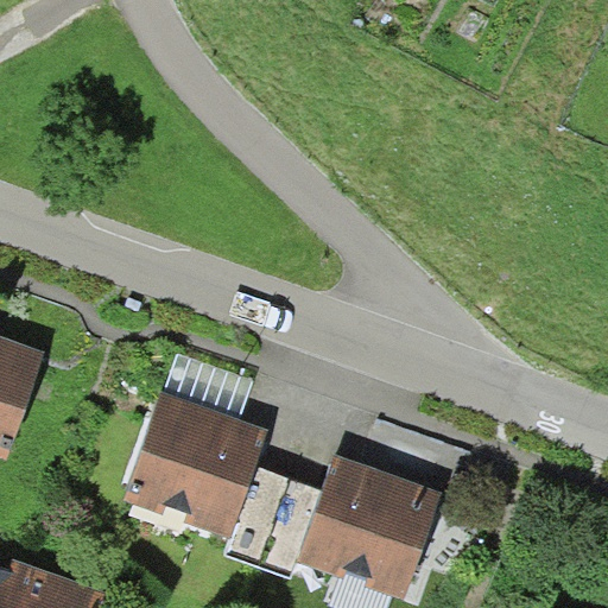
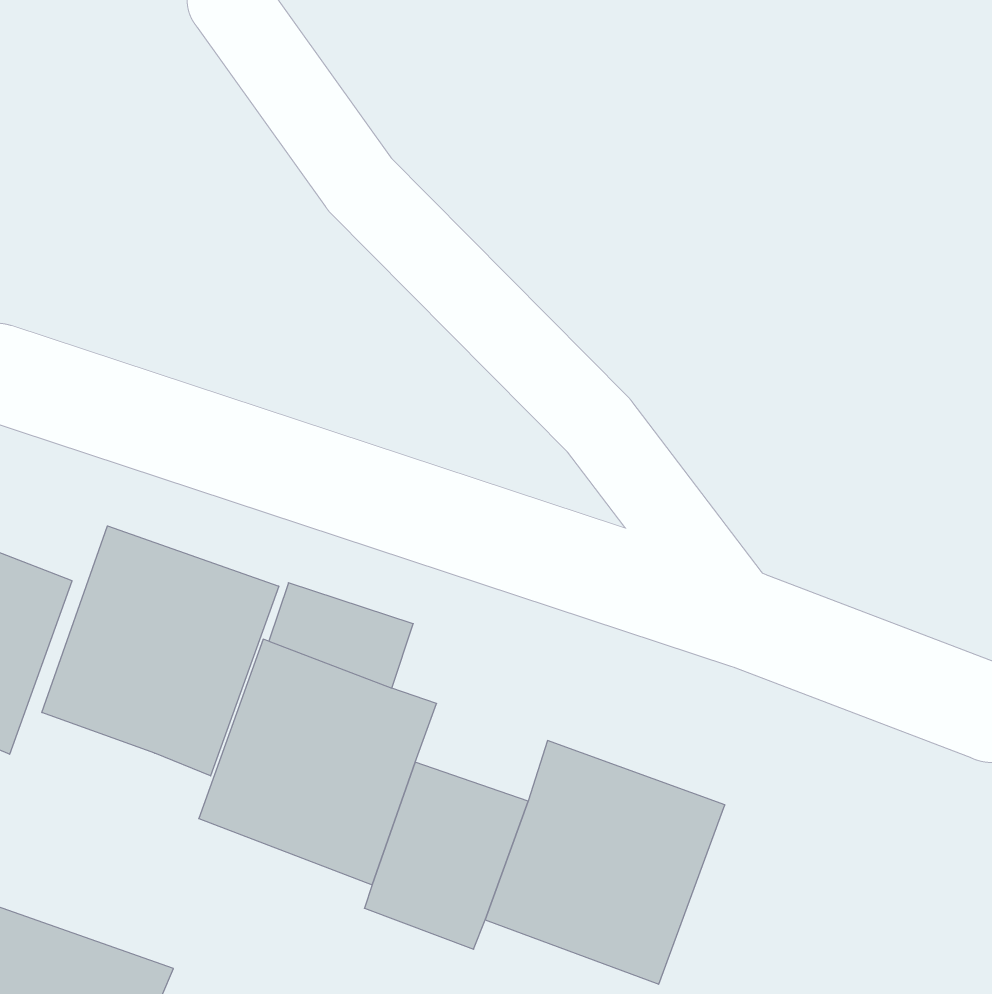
building: none -> [42,526,279,776]

